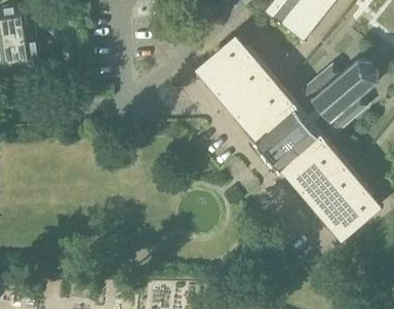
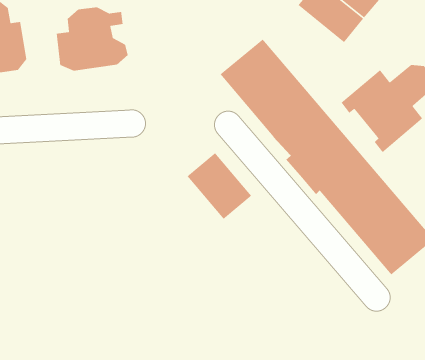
building: none -> [56,6,128,72]
building: none -> [186,152,252,220]

